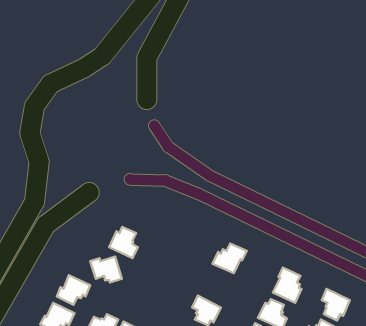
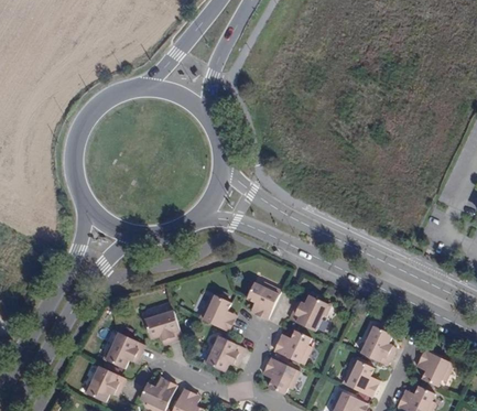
building: [109,227,138,258] -> [200,293,235,331]
building: none -> [243,280,280,318]
building: none -> [274,329,312,364]
building: none -> [206,335,247,370]

